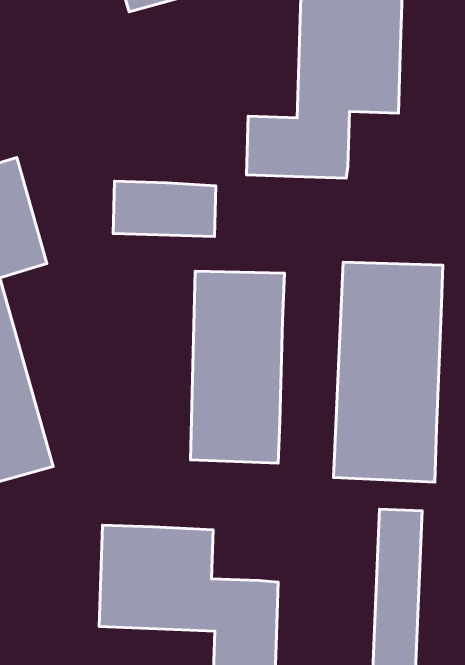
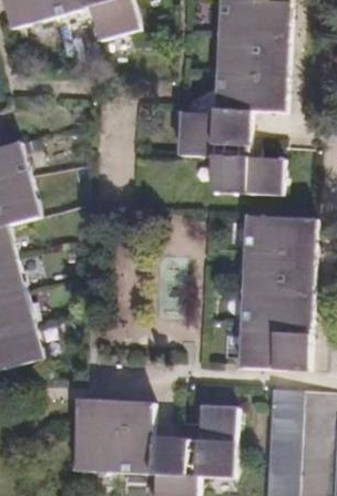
building: [113,181,216,237] -> [212,154,284,193]
building: [191,271,284,463] -> none
building: none -> [201,403,239,475]

